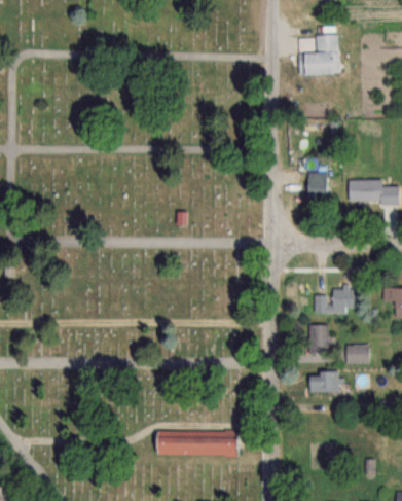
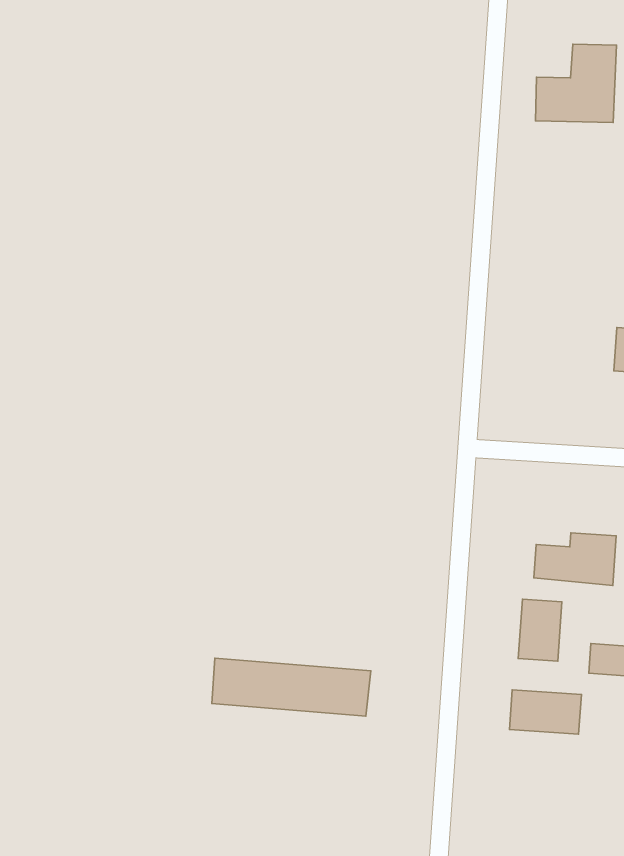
building: [305,173,327,194] -> none
building: [155,430,236,455] -> [212,658,371,716]

